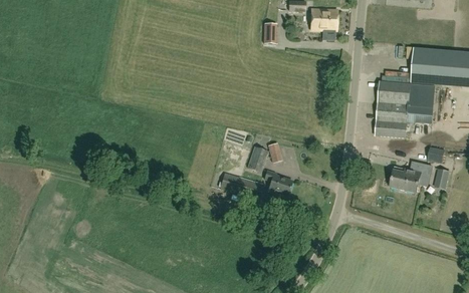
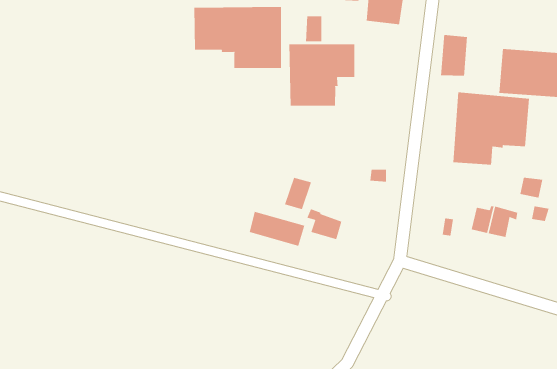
building: none -> [194,6,281,69]
building: none -> [441,34,467,76]
building: none -> [289,43,355,107]

